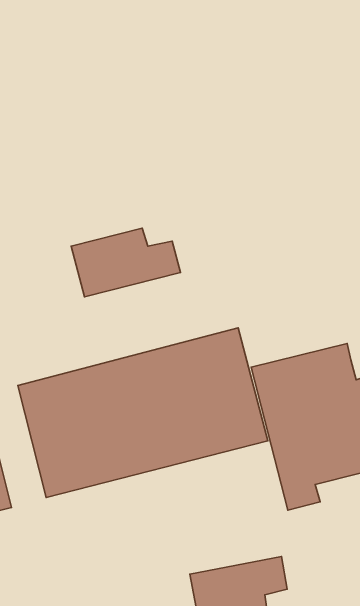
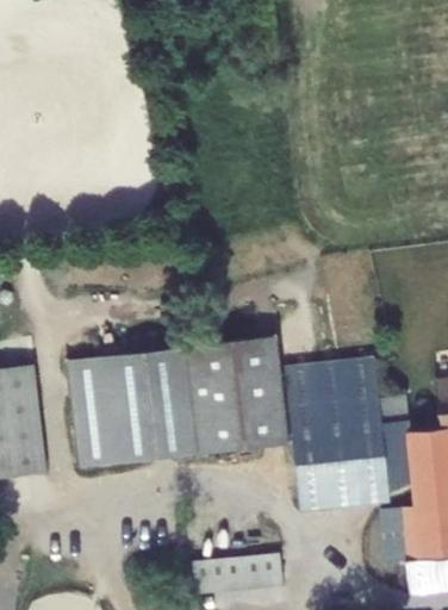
building: [71,228,181,297] -> none

